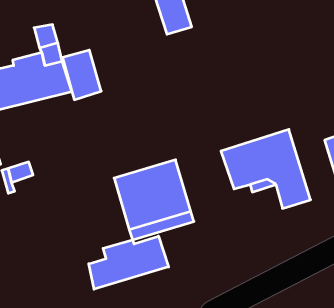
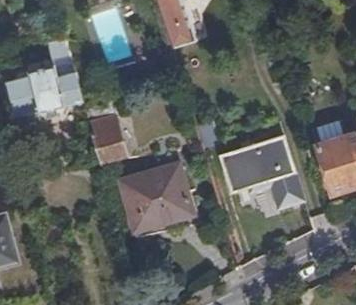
building: [62,50,101,100] -> [88,116,124,162]
building: [89,236,169,289] -> none

